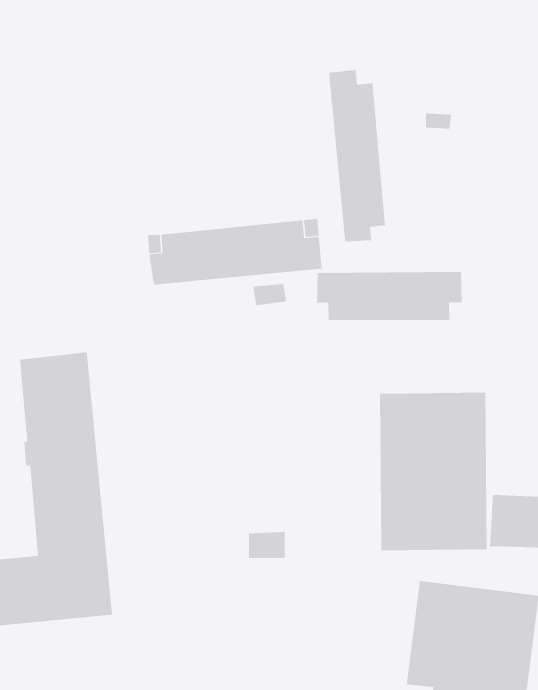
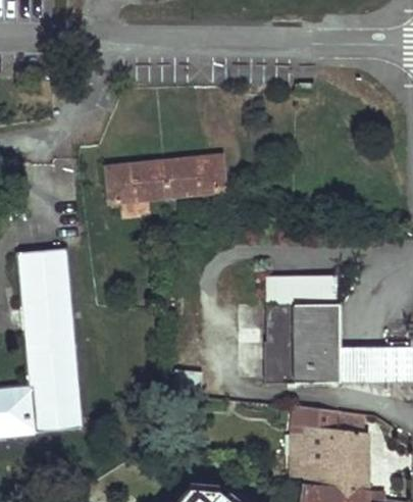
building: [329,69,386,242] -> none
building: [316,271,462,321] -> none

